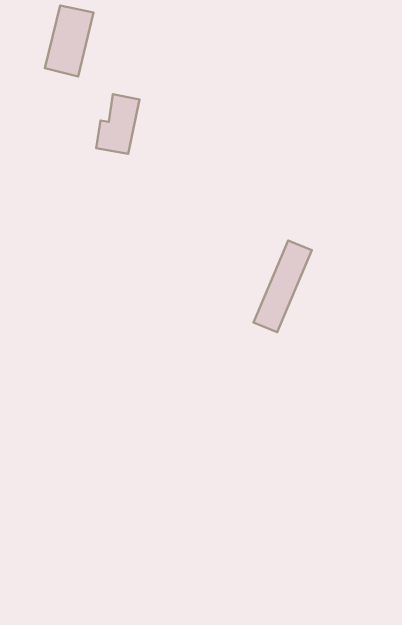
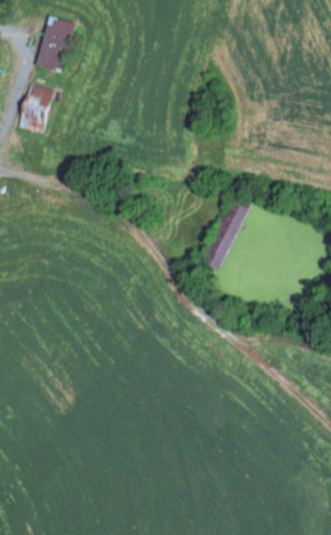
building: [96,94,139,154] -> [19,84,53,132]

